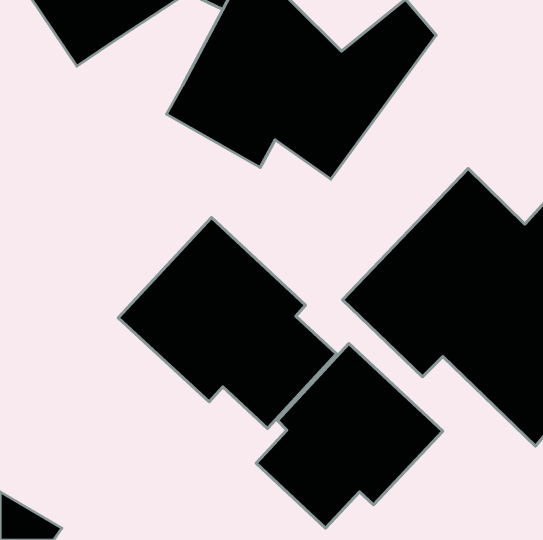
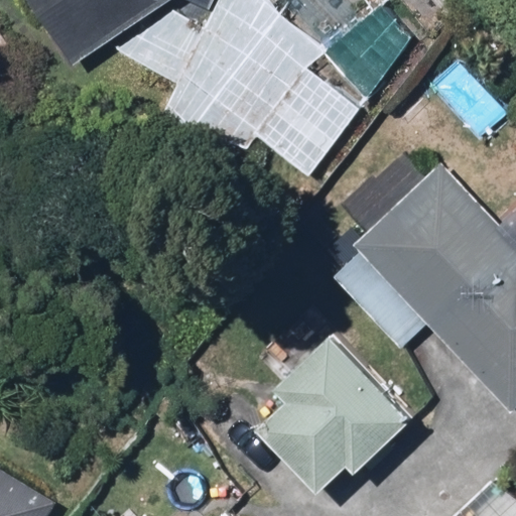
building: [118,217,337,428] -> none

